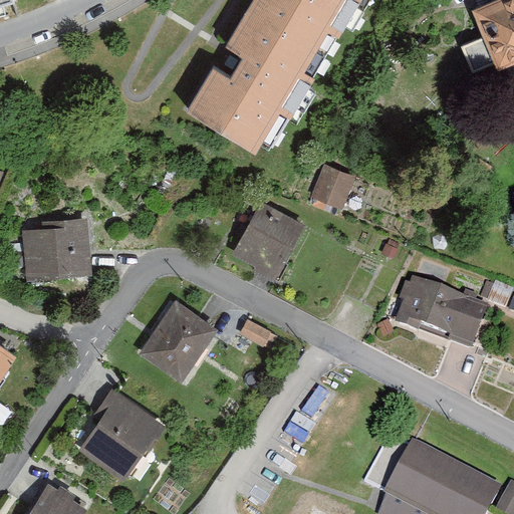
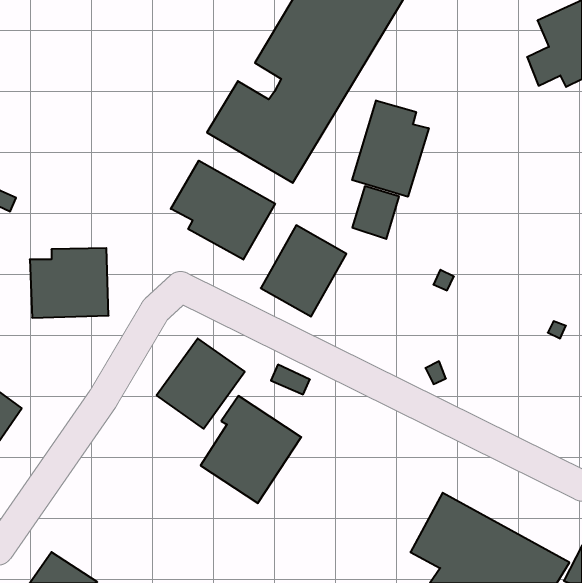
building: none -> [352,100,429,197]
building: none -> [171,161,275,260]
building: [395,279,488,349] -> none
building: [88,389,177,483] -> [201,396,301,503]

